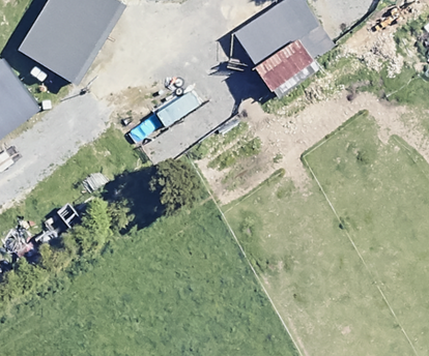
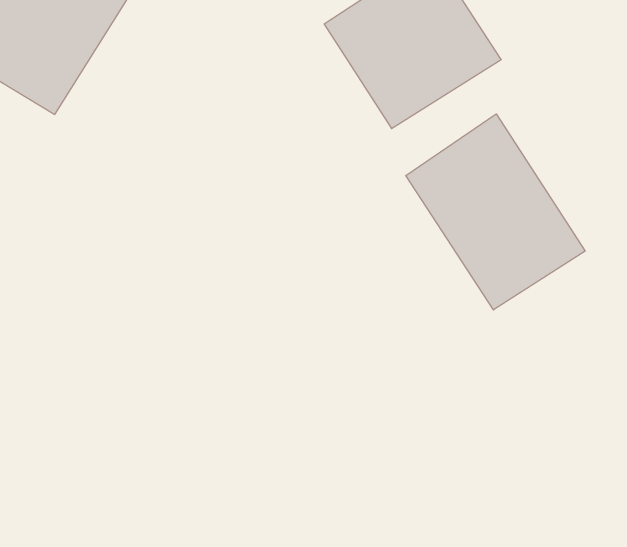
building: none -> [406,114,585,310]

